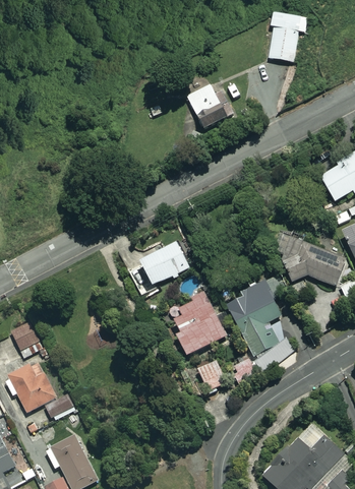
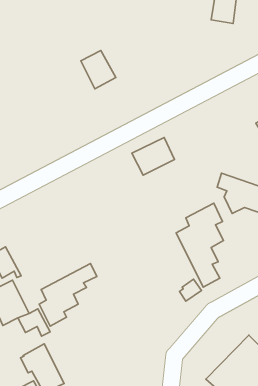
building: [187,83,228,128] -> [81,50,116,89]
building: [140,242,190,286] -> [132,138,175,175]
building: [169,291,226,354] -> none
building: none -> [39,263,97,326]
building: [198,361,225,389] -> none

